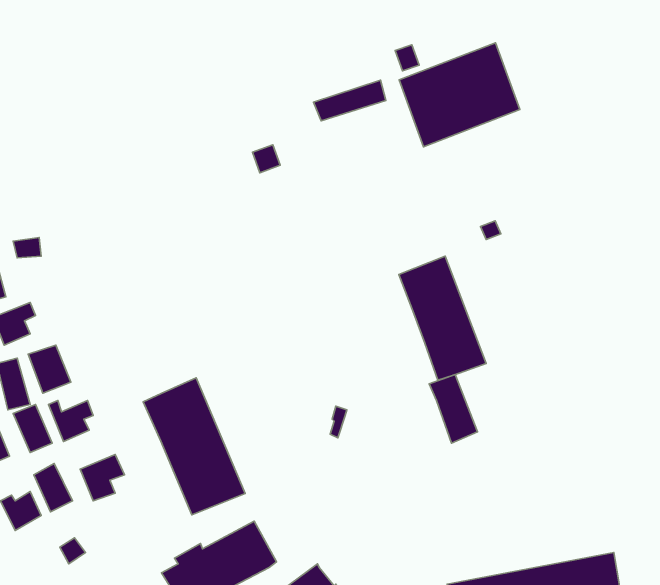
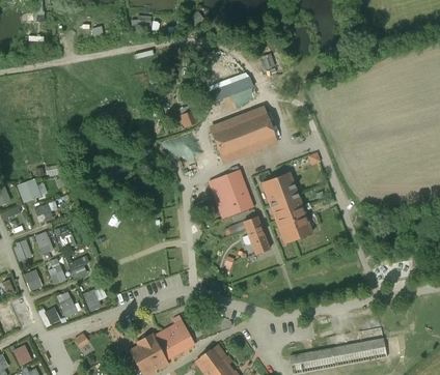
building: [399,43,520,147] -> [209,106,276,164]
building: none -> [208,170,252,219]
building: [429,374,477,443] -> [241,217,268,255]
building: [143,378,245,515] -> none

